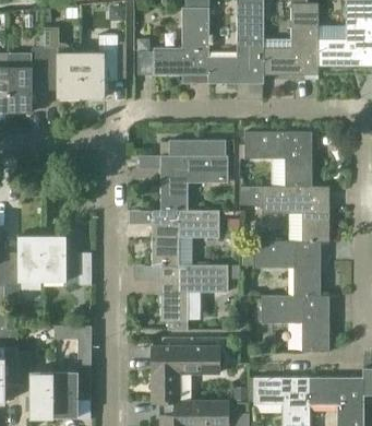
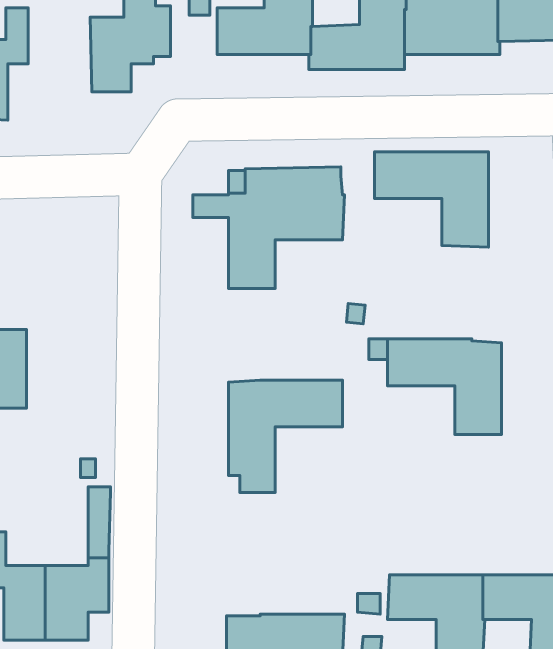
building: [44,47,81,96] -> none
building: [241,186,328,242] -> none
building: [152,210,219,267] -> none
building: [43,235,79,285] -> none
building: [262,295,328,352] -> none
building: [152,347,219,402] -> none

